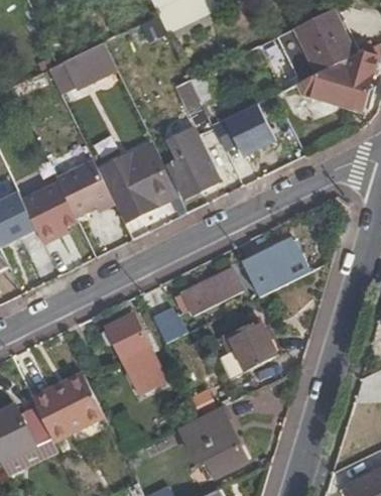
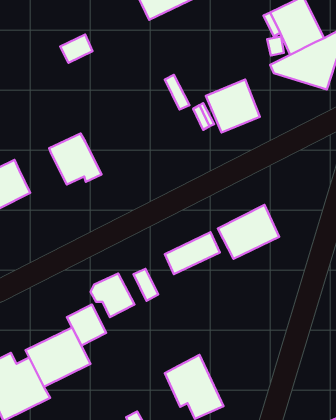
building: [168,134,212,198] -> none
building: [95,142,176,222] -> none
building: [22,181,78,244] -> none
building: [219,318,276,371] -> none
building: [122,348,165,393] -> [67,304,106,346]

